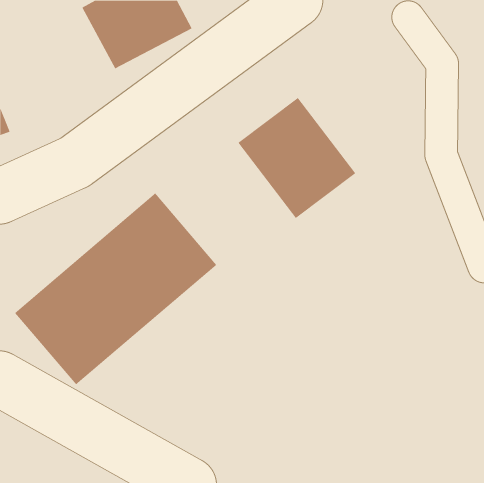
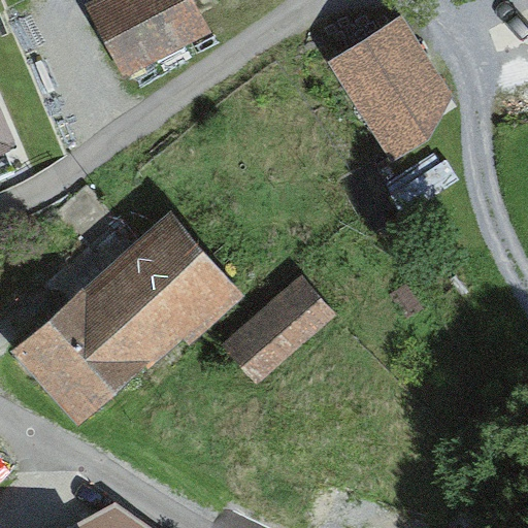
building: [238,97,356,219] -> [323,20,452,152]
building: none -> [228,269,341,377]

